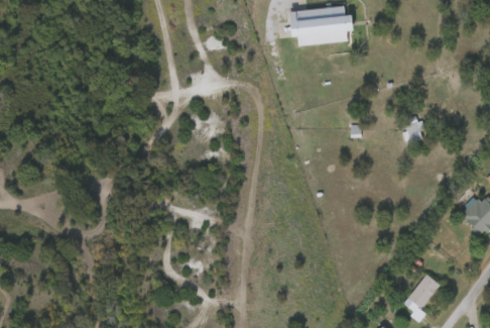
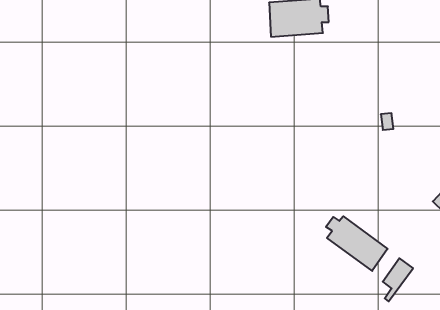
building: none -> [326,216,388,271]

